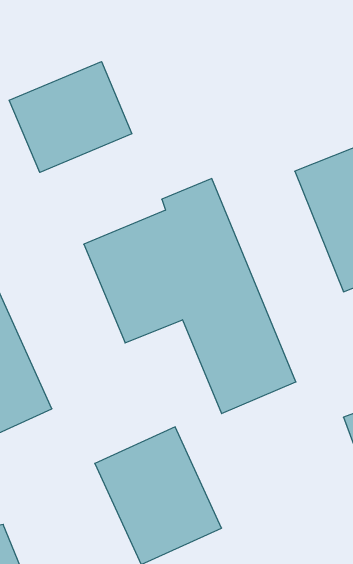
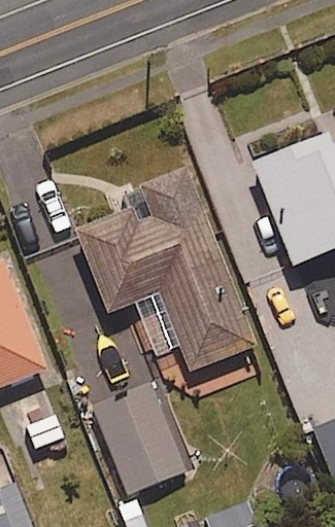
building: [9,62,132,172] -> none

